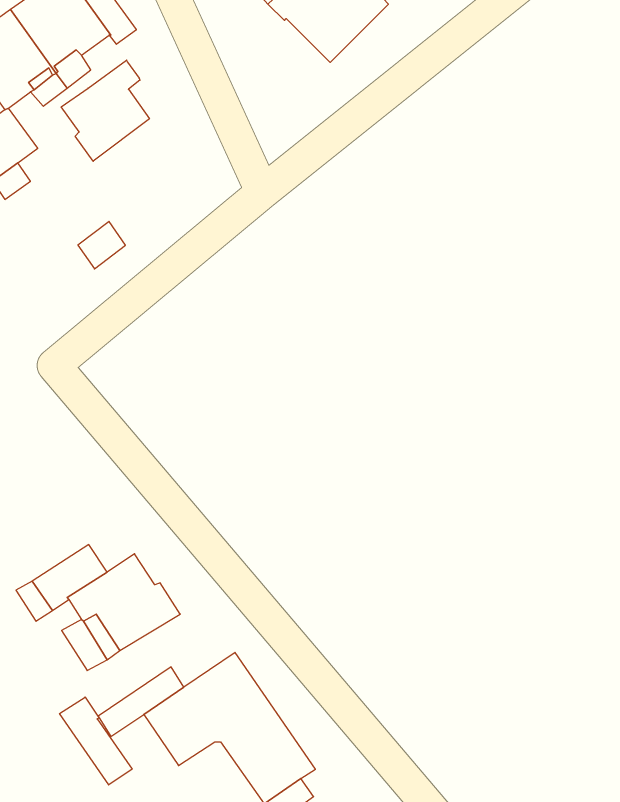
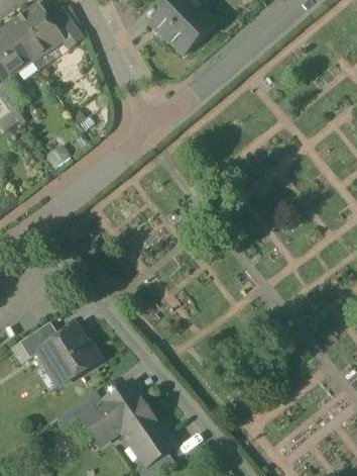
building: [61,60,149,161] -> none
building: [60,697,132,785] -> none

